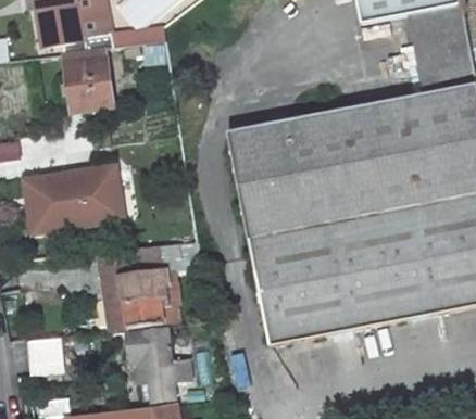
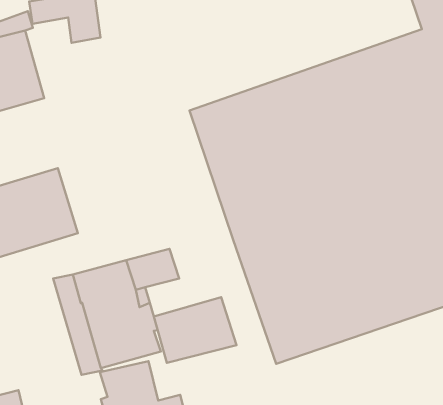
building: none -> [154,297,237,363]

